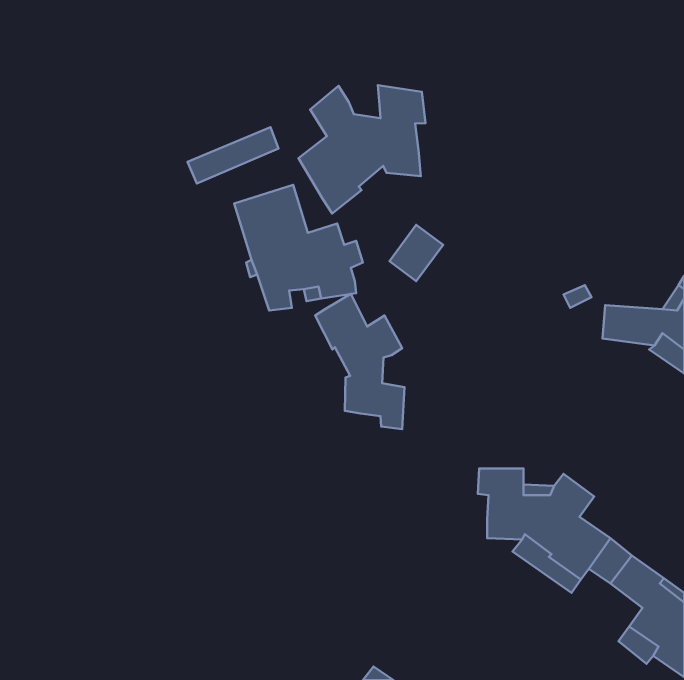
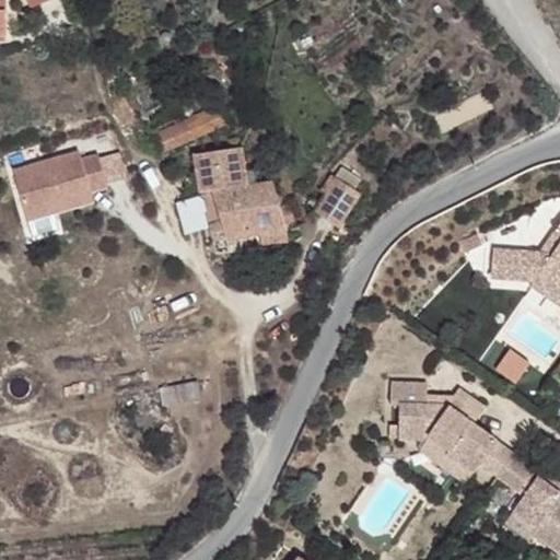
building: [298,85,426,214] -> none
building: none -> [11,148,104,217]
building: [315,294,404,429] -> none

